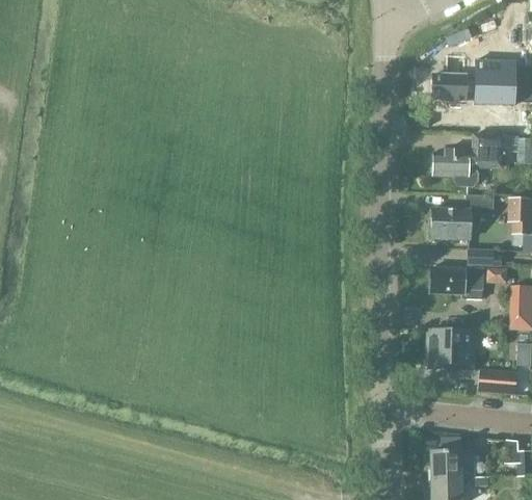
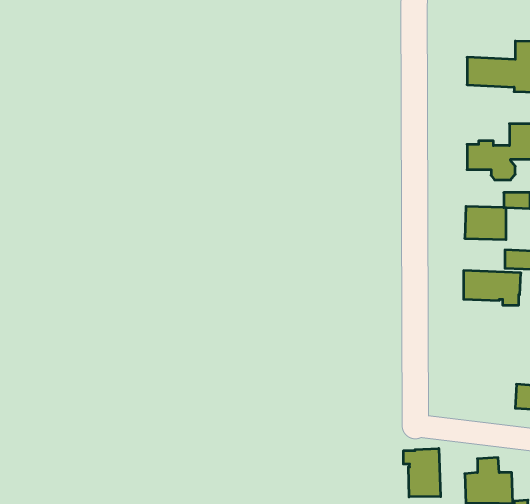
building: [426,330,475,370] -> none
building: none -> [403,448,441,497]

